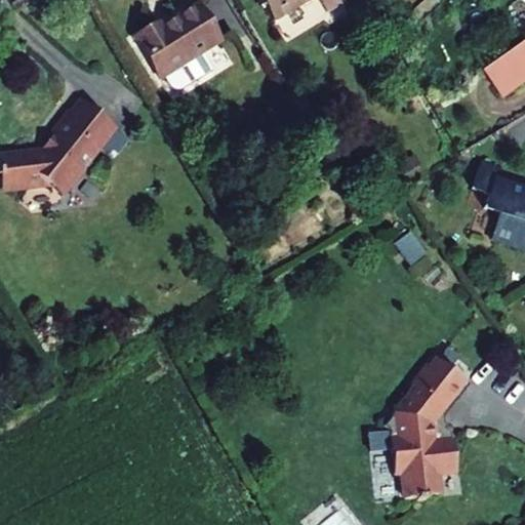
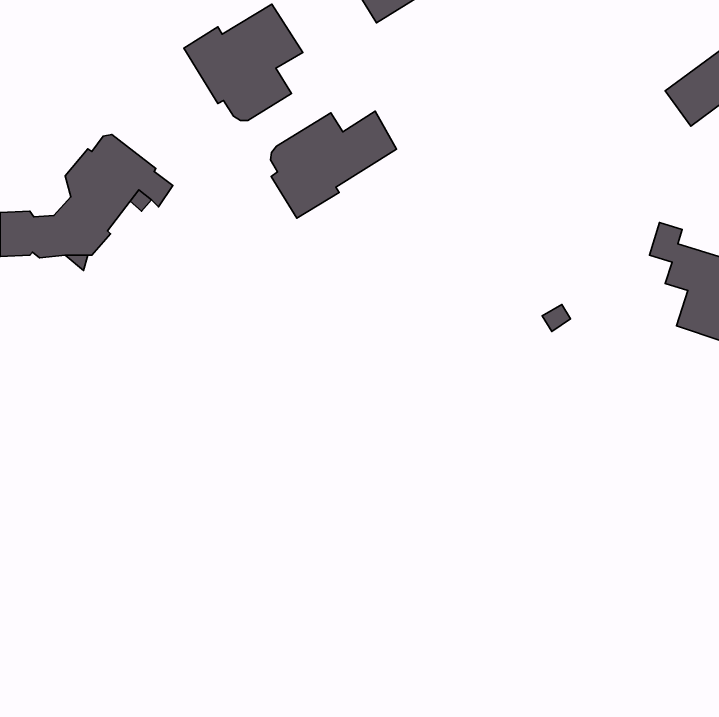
building: none -> [270,111,397,218]
building: [386,355,471,496] -> none

